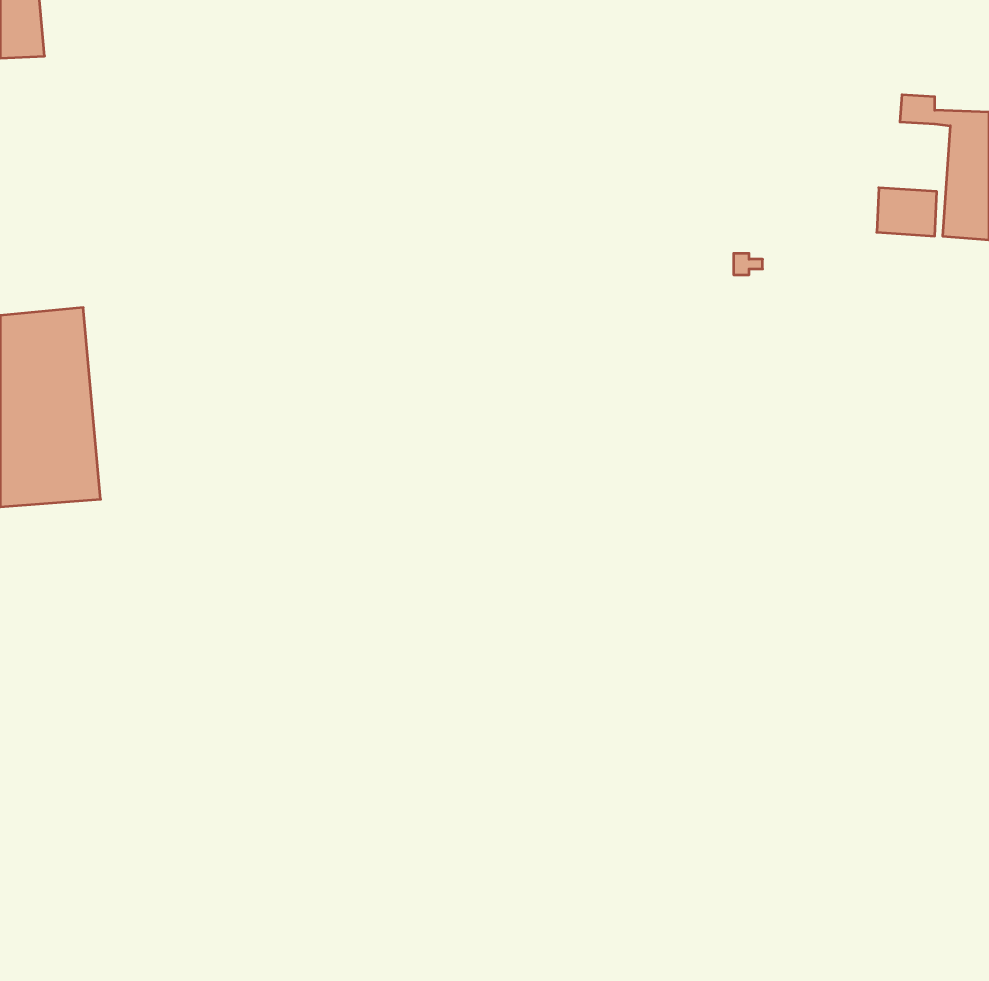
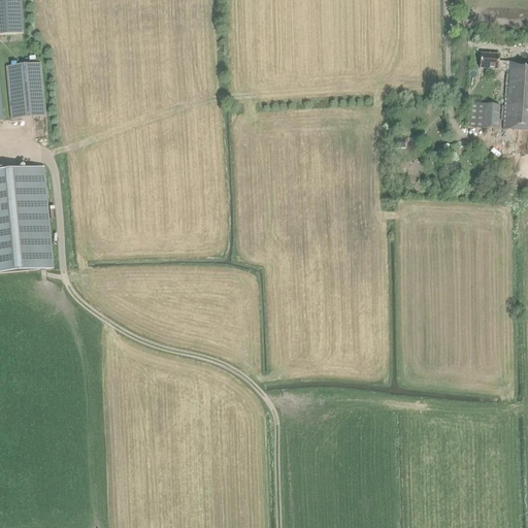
building: none -> [5,60,45,117]

